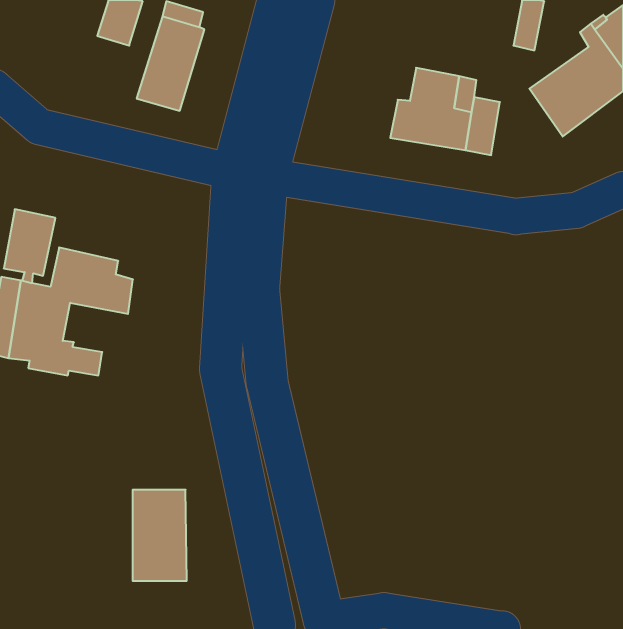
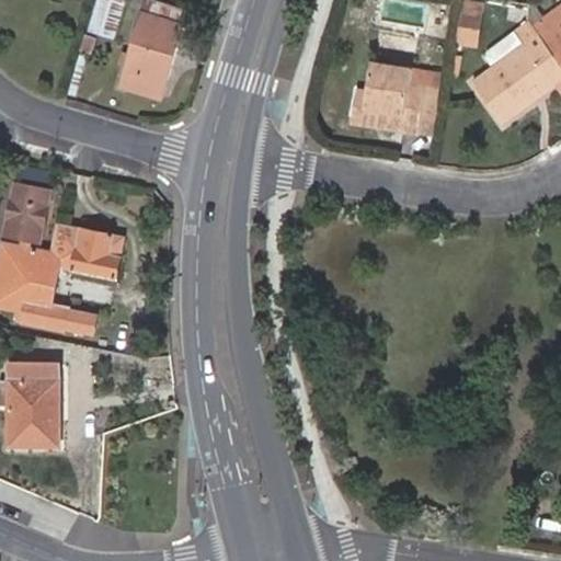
building: [133,490,187,581] -> [10,362,58,443]

